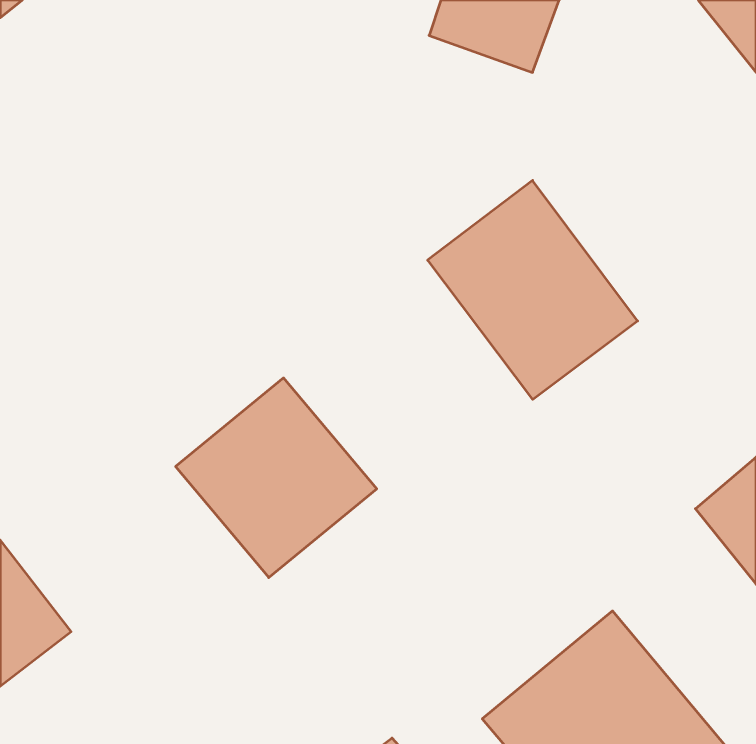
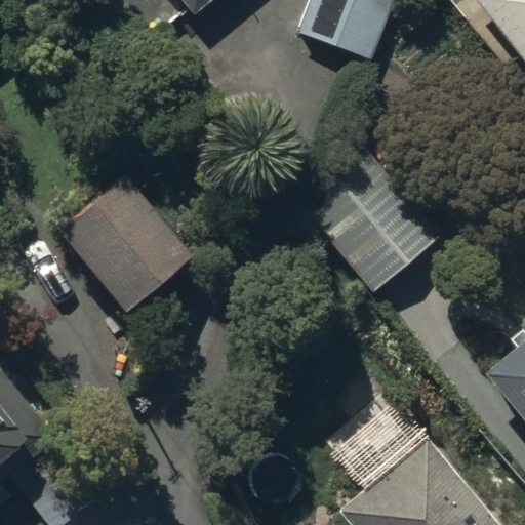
building: [176,378,377,578] -> [56,178,196,317]

